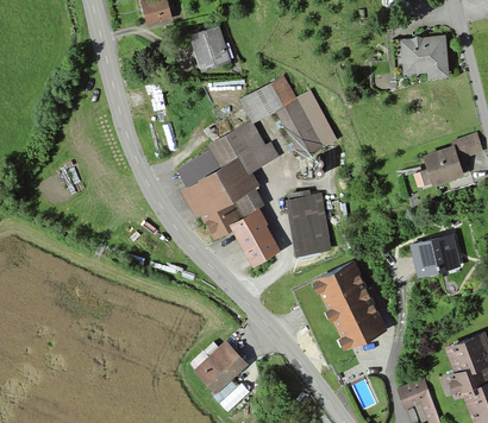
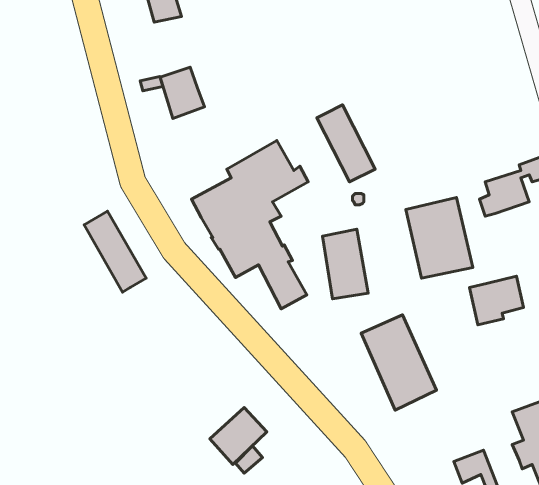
building: [192,26,229,69] -> [160,67,204,118]
building: [392,38,445,75] -> none
building: [243,78,292,120] -> none
building: none -> [406,198,473,278]
building: none -> [84,211,146,292]

